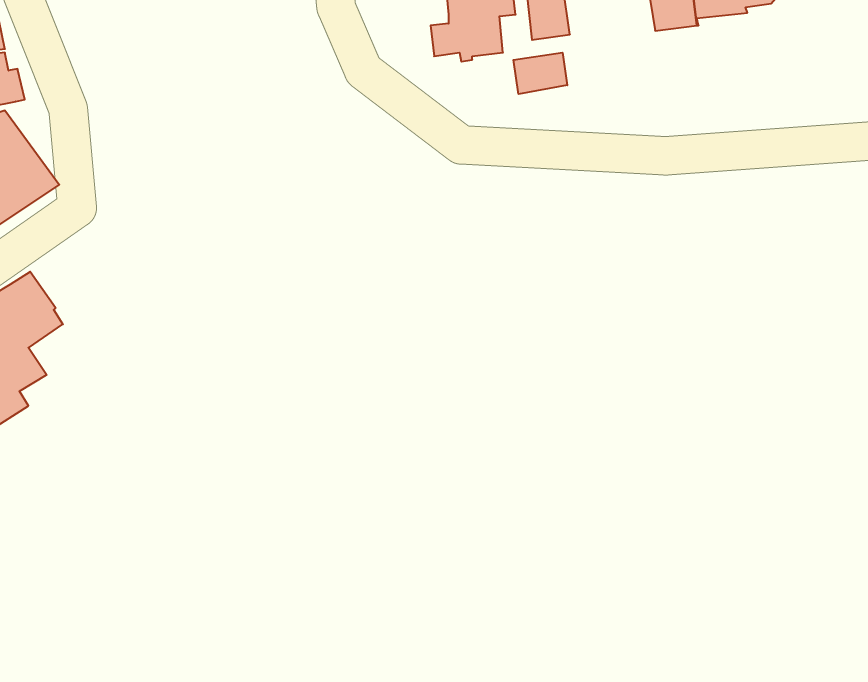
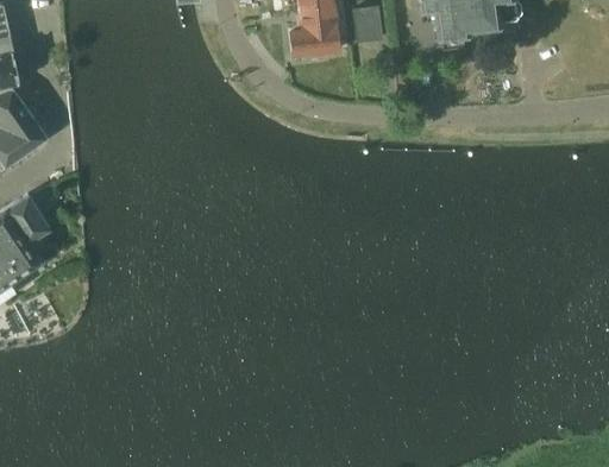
building: [513,53,567,94] -> none

